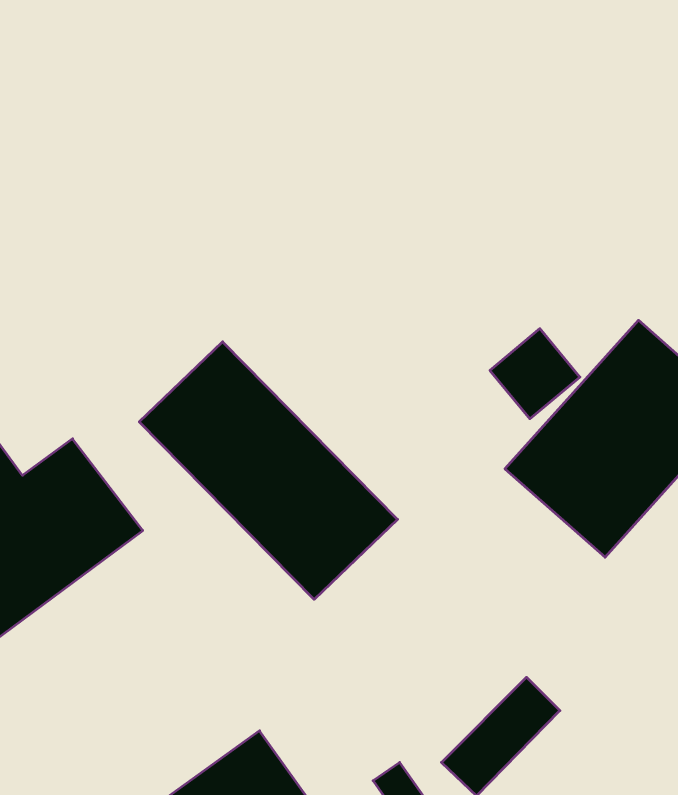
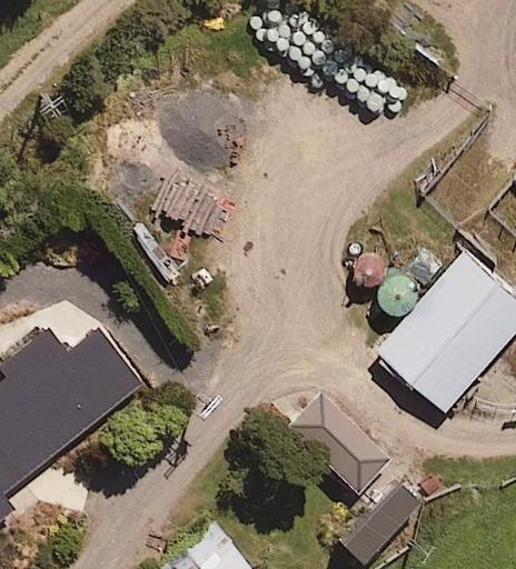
building: [139,342,398,599] -> none
building: none -> [289,399,388,498]

